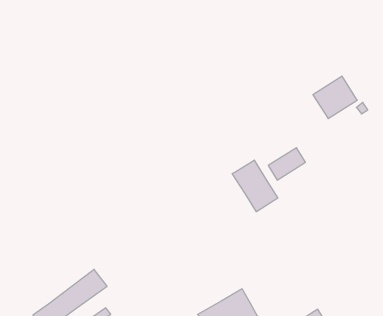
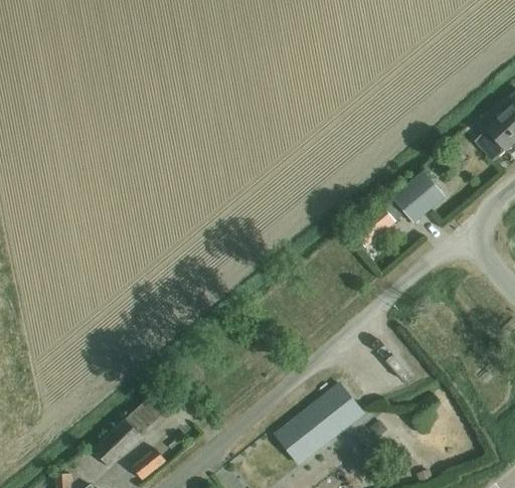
building: [313,76,357,119] -> [390,171,445,224]
building: [232,160,278,212] -> none

